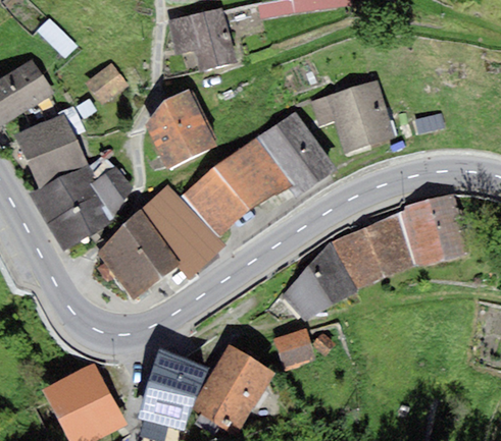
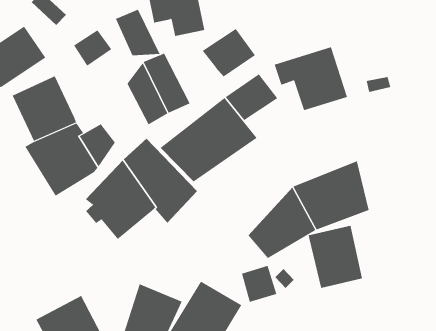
building: none -> [115,9,160,56]
building: [278,139,339,194] -> [202,28,256,77]
building: [405,194,467,265] -> [308,225,363,288]

